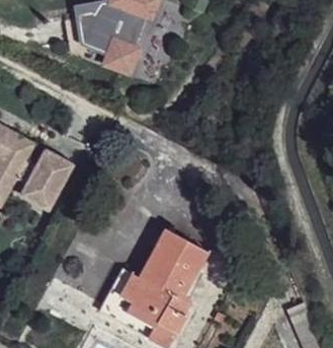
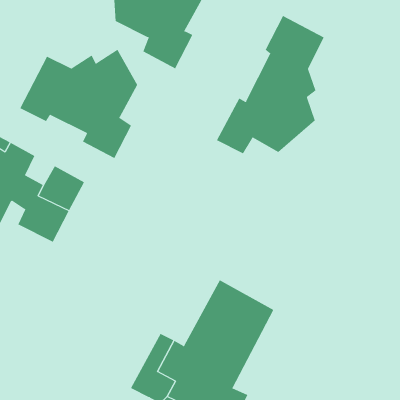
building: none -> [216,15,325,154]
building: none -> [19,49,138,159]

